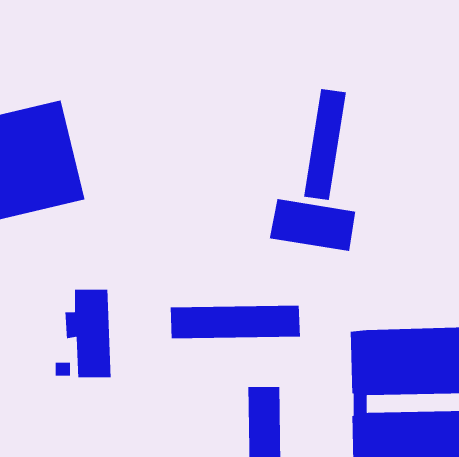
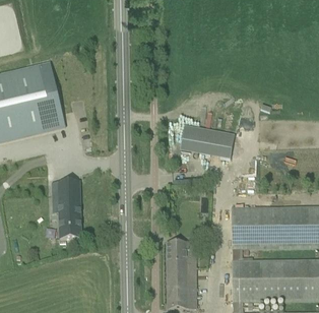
building: [303,88,347,201] -> none
building: [170,305,301,339] -> none

